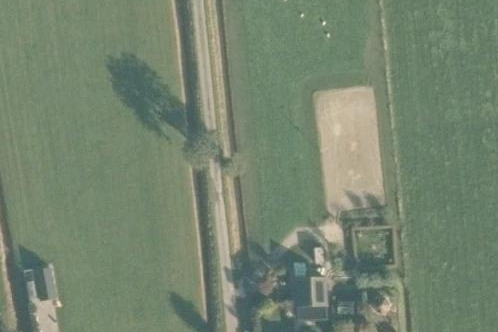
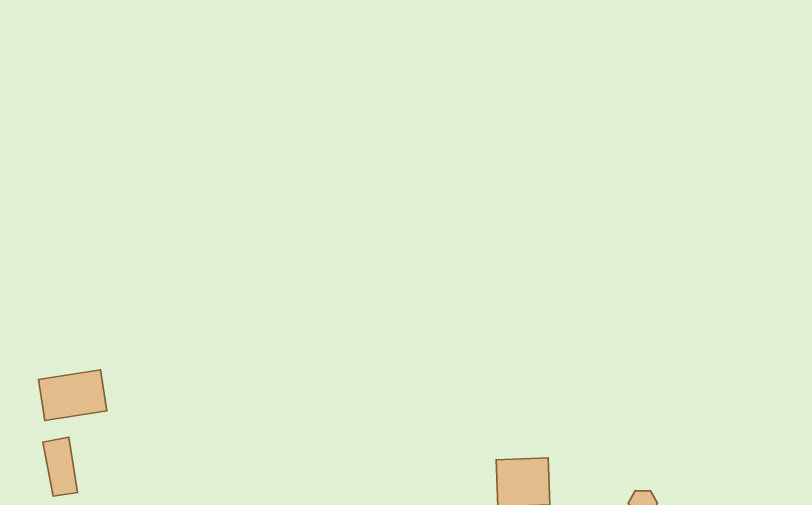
building: none -> [38,370,107,420]

